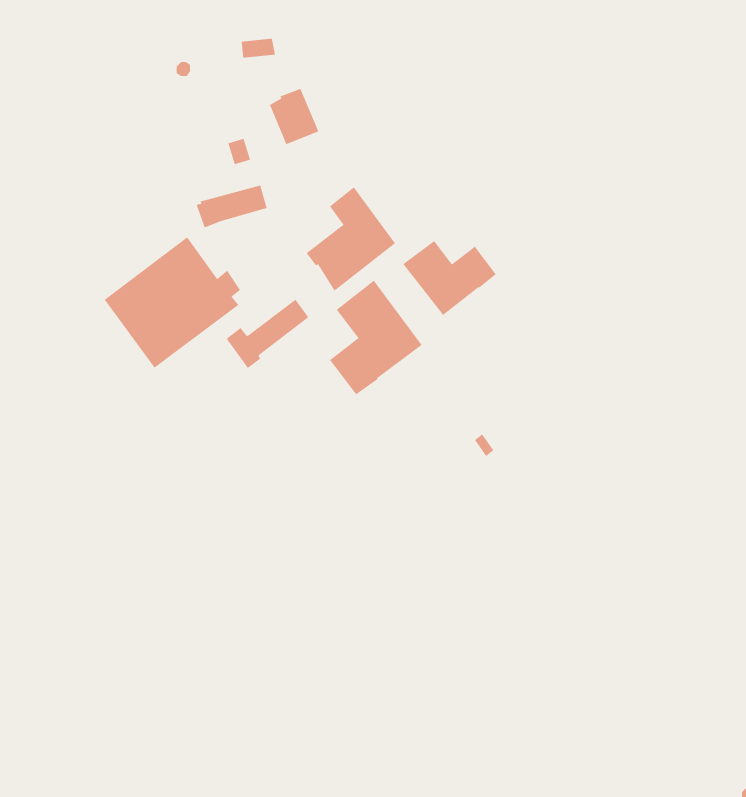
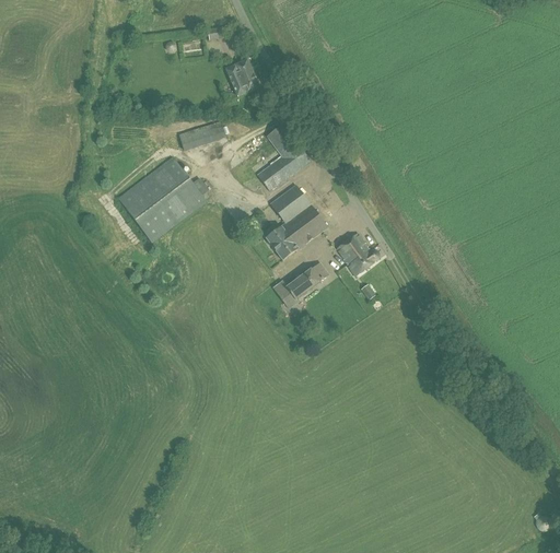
building: [402,240,497,316] -> none
building: [226,299,309,369] -> [273,261,328,307]
building: none -> [336,232,378,274]

